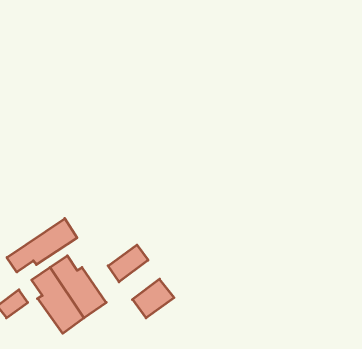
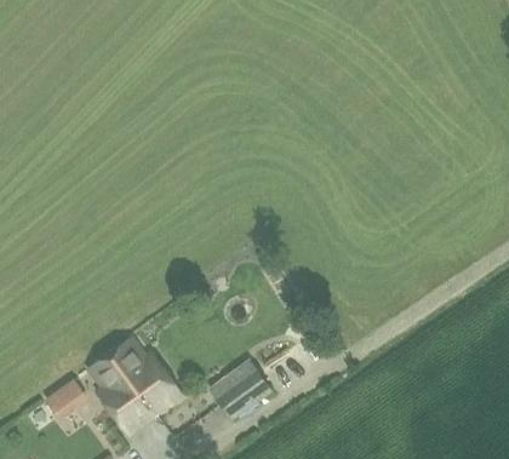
building: [7,218,77,272] -> none
building: [108,245,148,282] -> none

